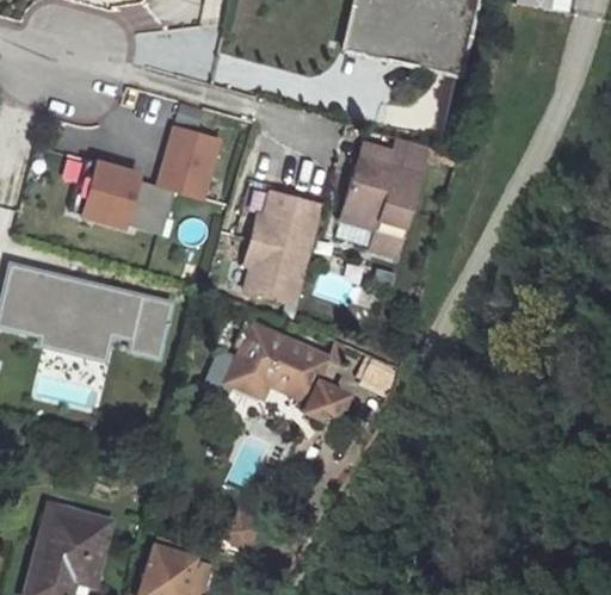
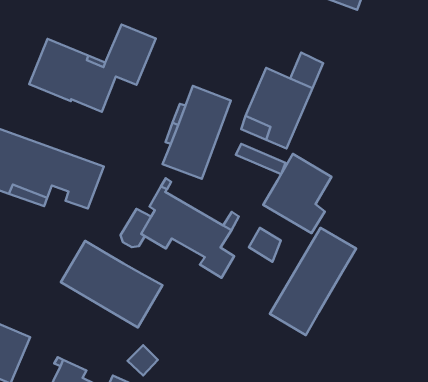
building: none -> [263,154,331,233]
building: none -> [270,228,356,335]
building: none -> [61,241,163,327]

